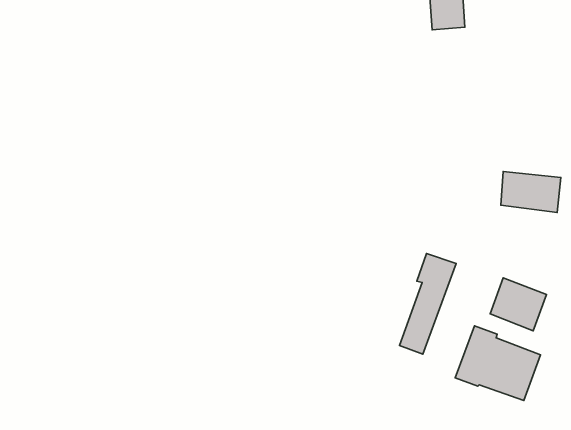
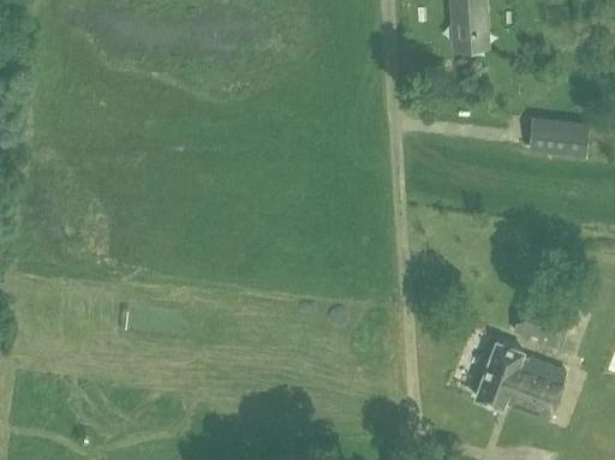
building: [501,172,561,213] -> [527,118,587,159]
building: [400,253,456,354] -> none

